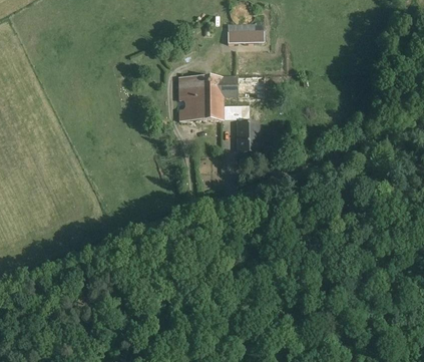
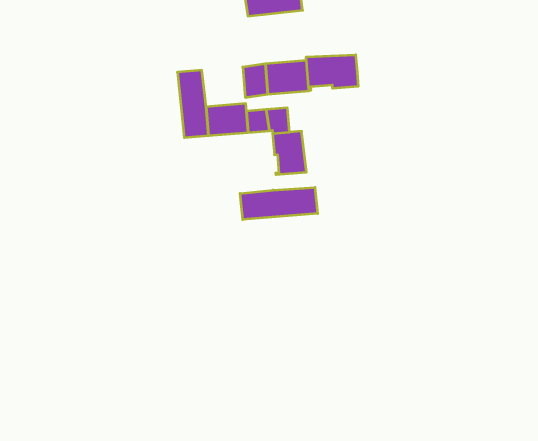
building: none -> [306,55,358,90]
building: [194,76,222,100] -> none
building: none -> [240,187,318,220]

